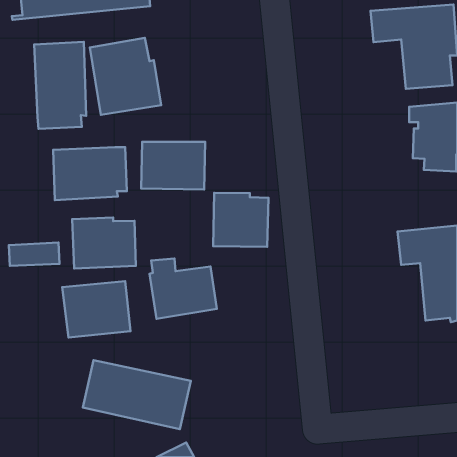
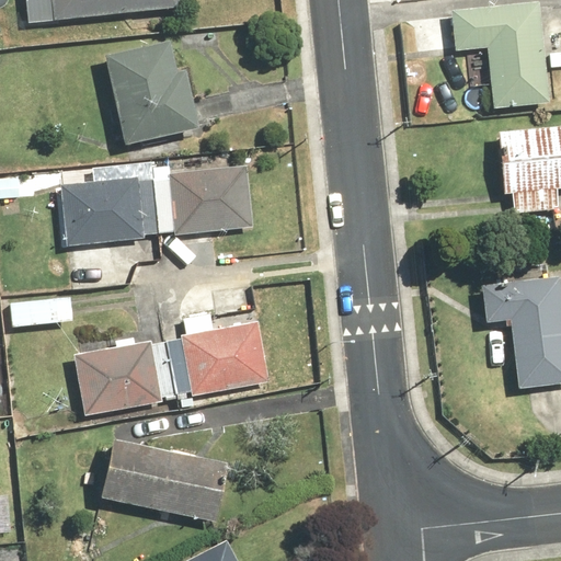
building: [34,42,86,129] -> none
building: [213,193,268,247] -> none
building: [72,217,136,269] -> none

